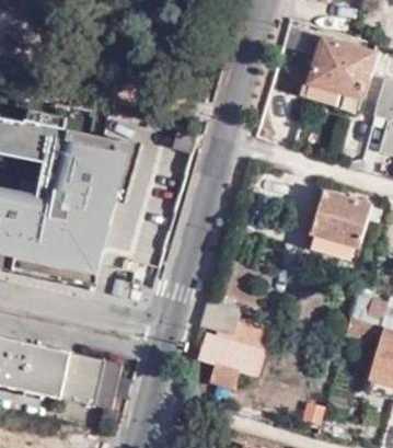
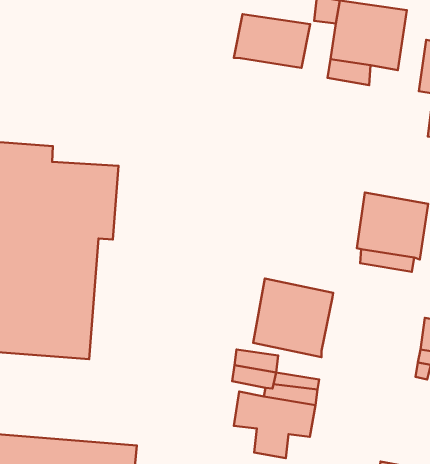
building: none -> [234,14,310,68]
building: none -> [253,278,333,357]

